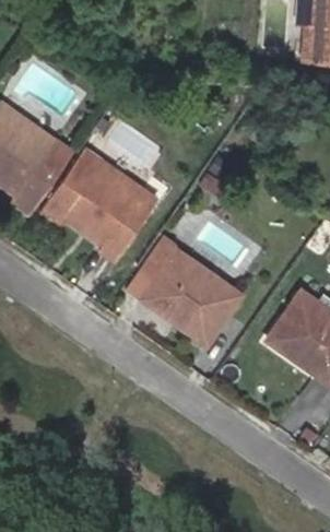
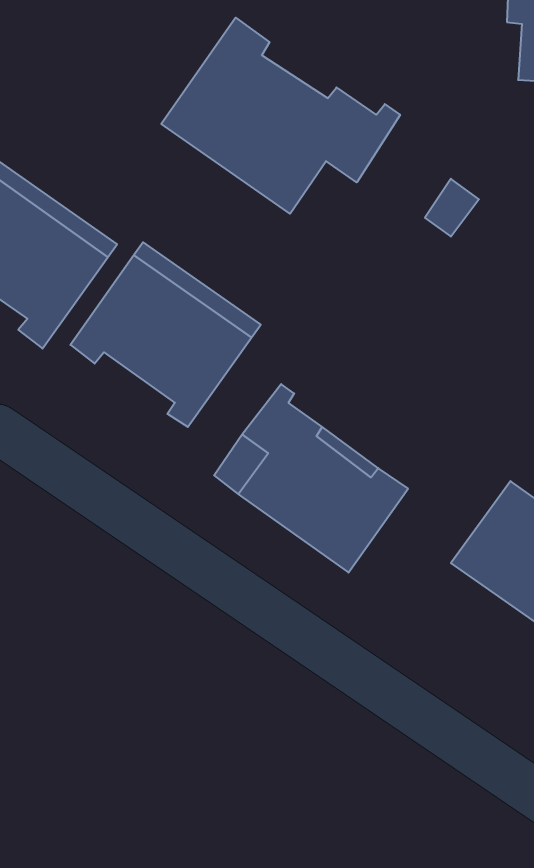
building: none -> [161,18,400,214]

